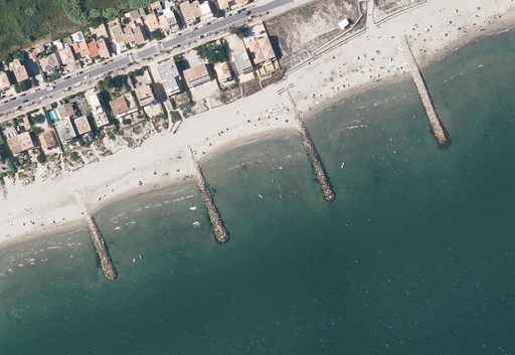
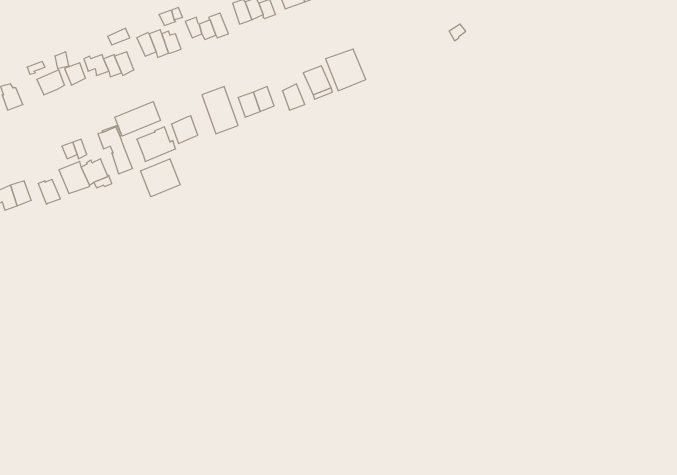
building: none -> [115,102,160,136]
building: none -> [141,159,180,197]

